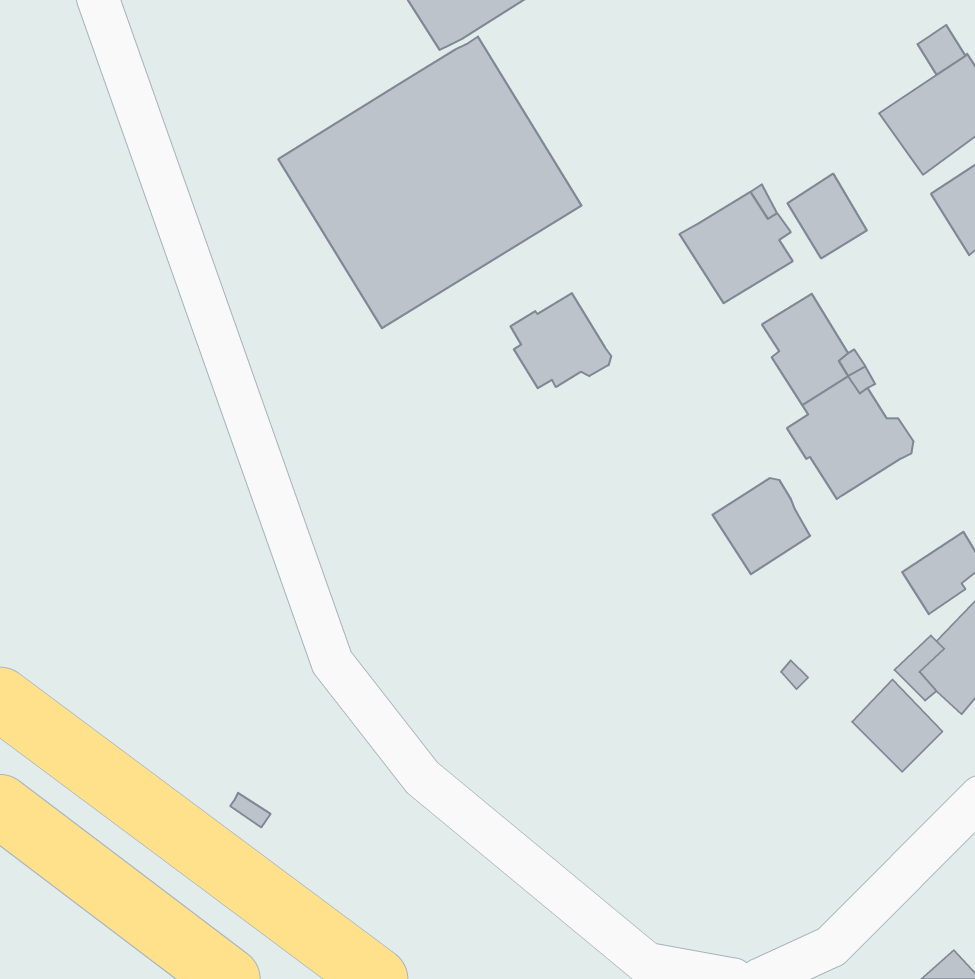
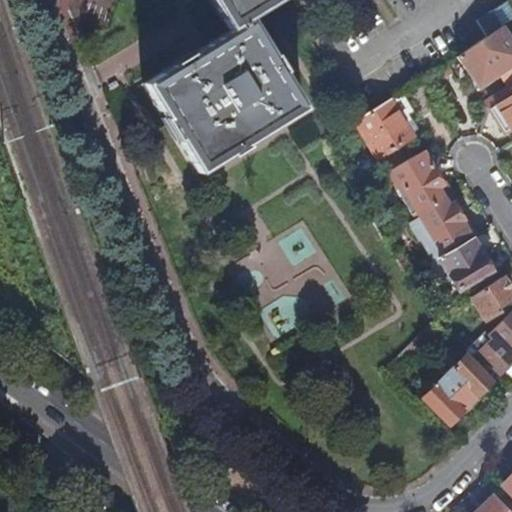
building: [788,174,867,258] -> none
building: [510,293,611,388] -> none
building: [712,478,810,574] -> [442,239,493,289]
building: none -> [426,376,473,423]

